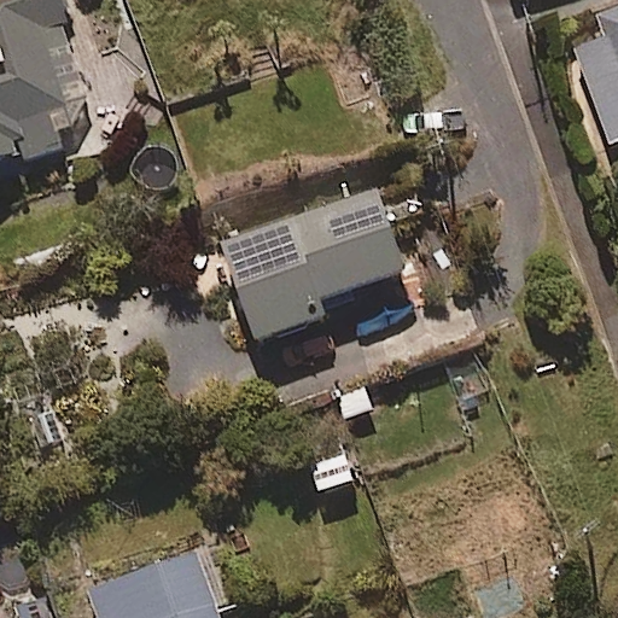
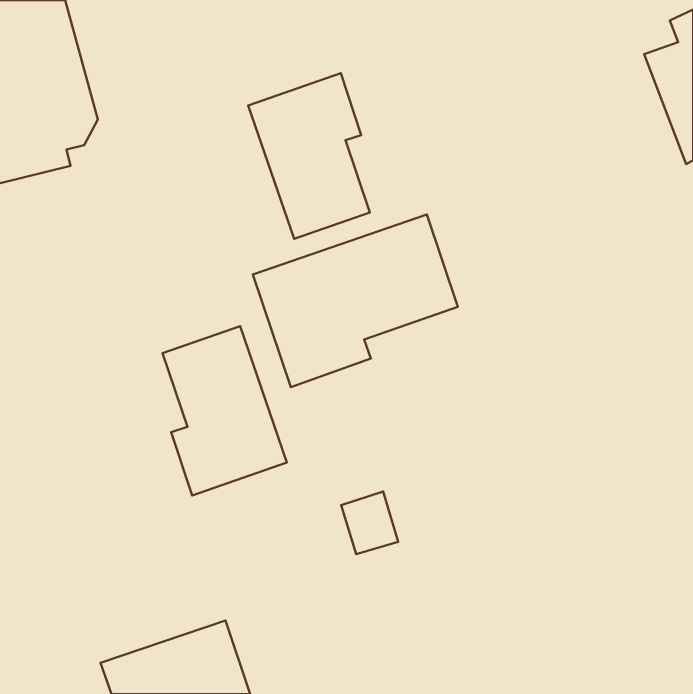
building: none -> [248,73,370,239]
building: none -> [162,326,287,496]

